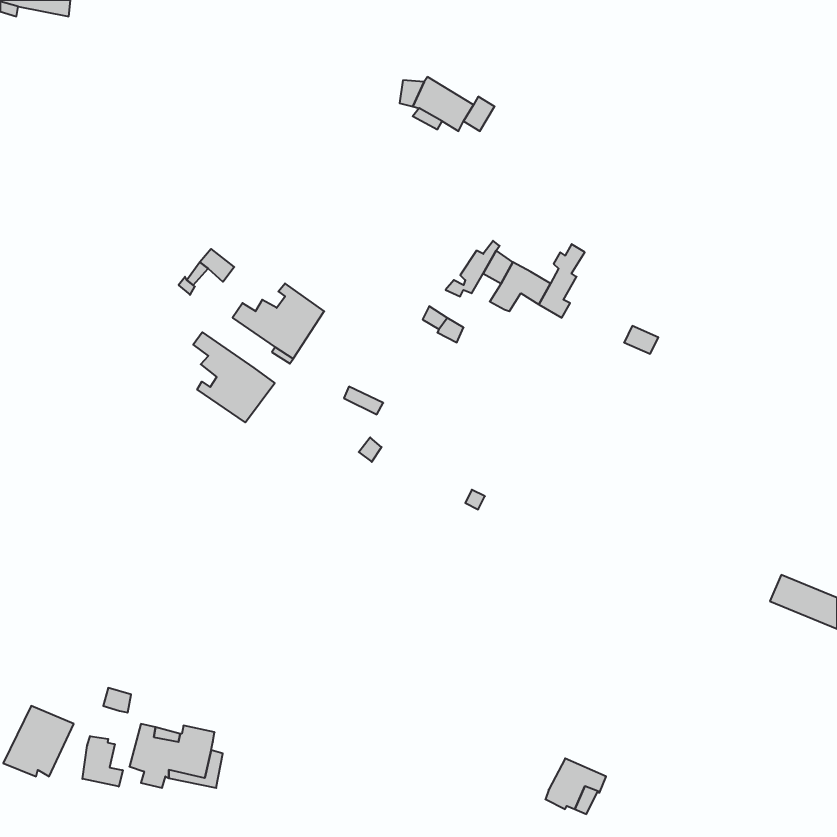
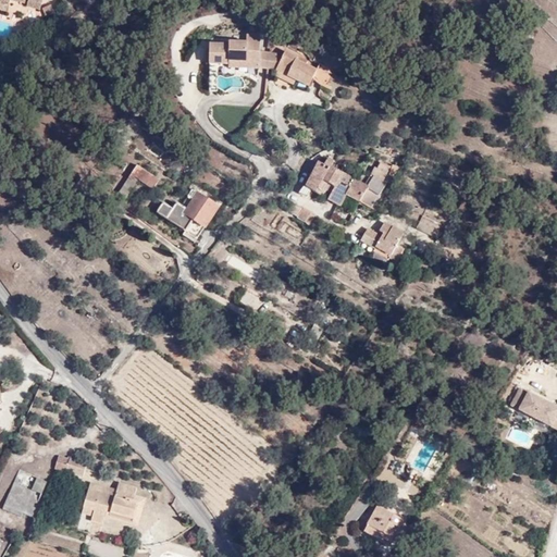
building: none -> [209,35,260,64]
building: [193,332,275,422] -> none
building: none -> [360,224,405,261]
building: [82,736,123,787] -> none

